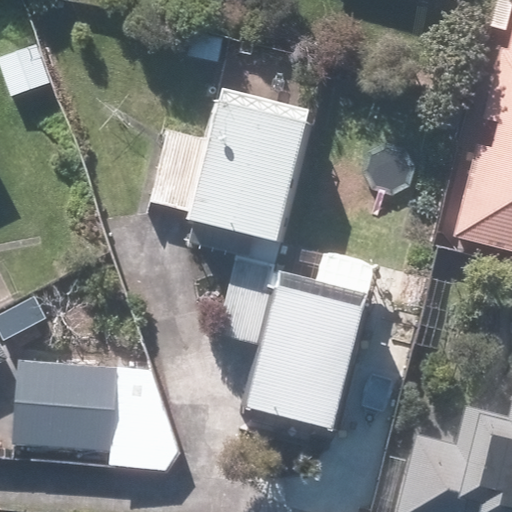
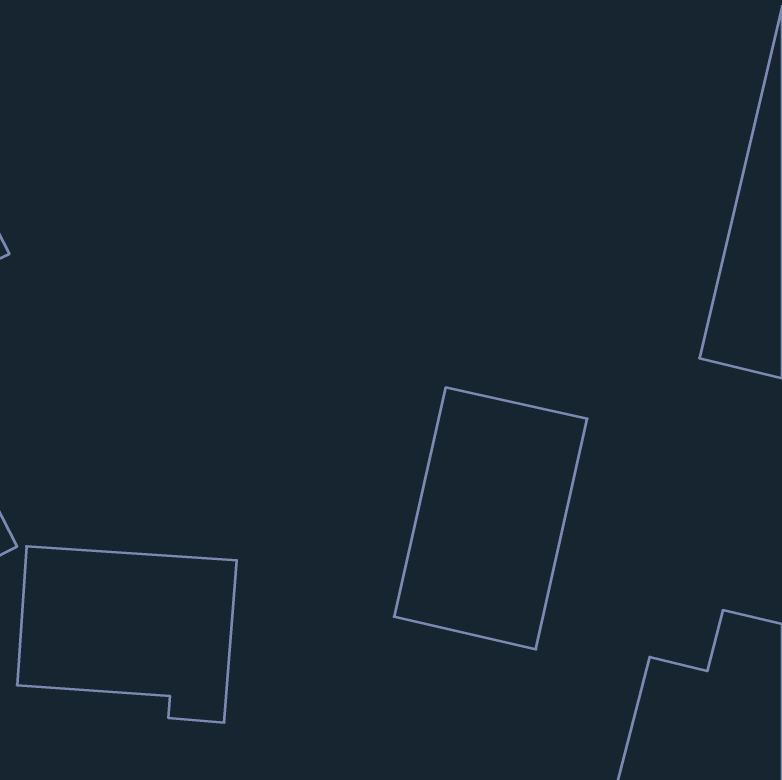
building: [140,92,319,241] -> none

